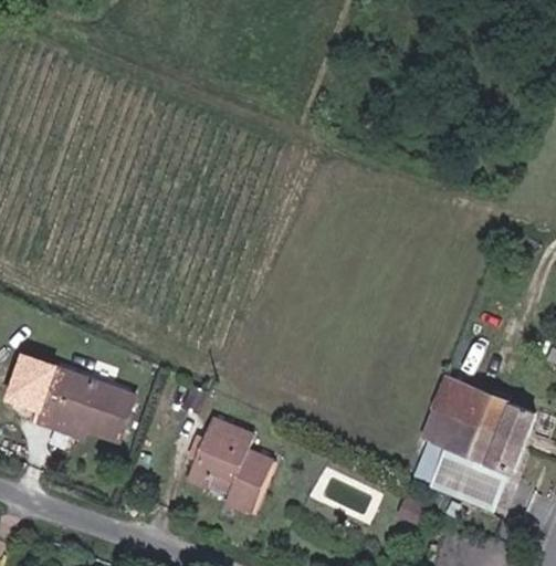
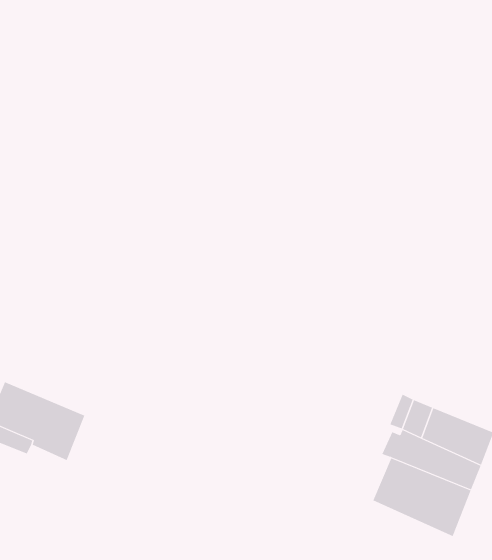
building: [183,424,273,522] -> none

